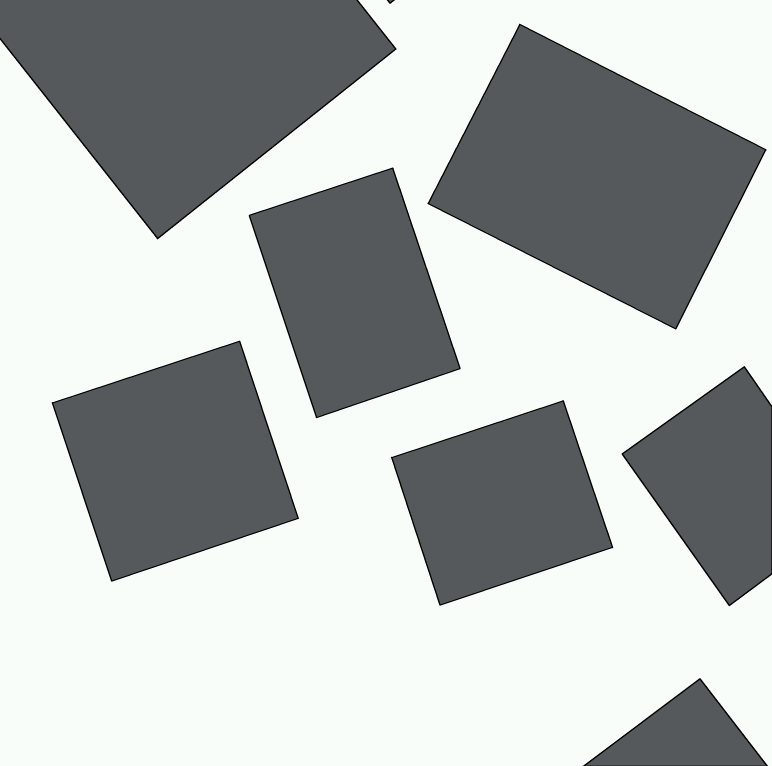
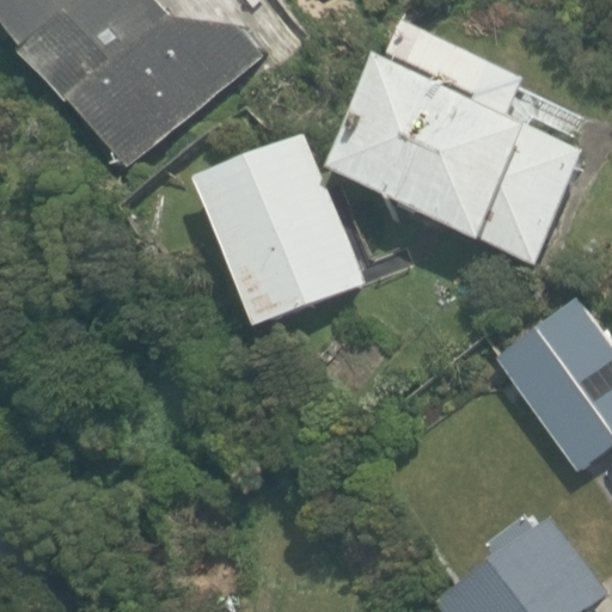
building: [52,341,298,581] -> none
building: [392,401,612,605] -> none

